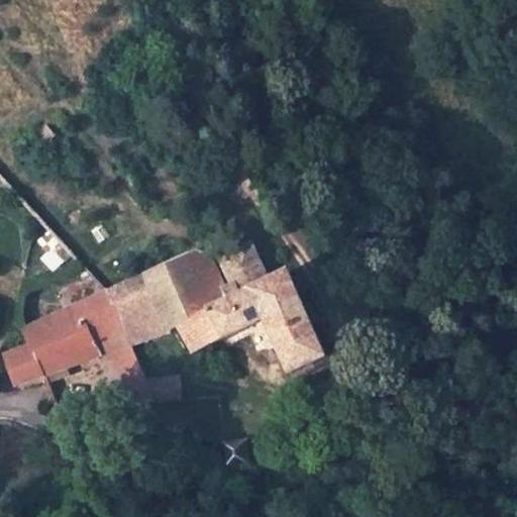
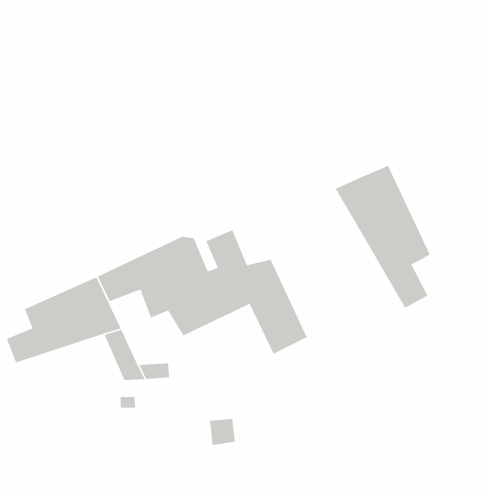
building: none -> [335,165,431,309]
building: [115,306,159,346] -> none

